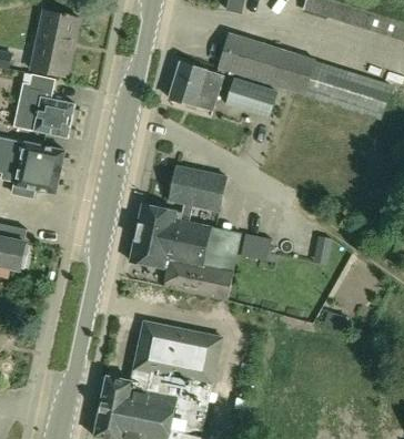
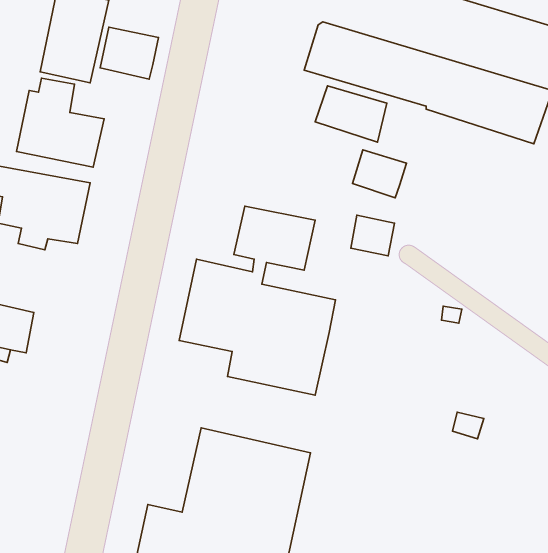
building: none -> [100,27,159,79]
building: [168,60,223,111] -> none
building: none -> [352,150,406,198]
building: [239,232,270,261] -> [351,215,394,256]

